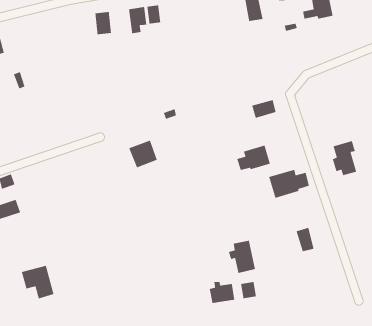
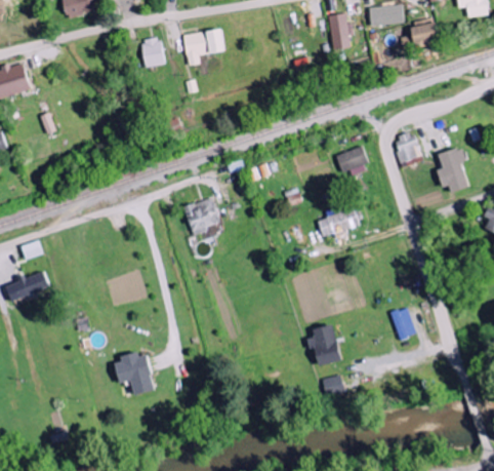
building: none -> [394,133,421,164]
building: [332,140,357,176] -> [438,148,469,193]
building: [268,169,310,199] -> none
building: [21,265,55,299] -> [114,351,156,394]
building: [209,281,235,304] -> none

